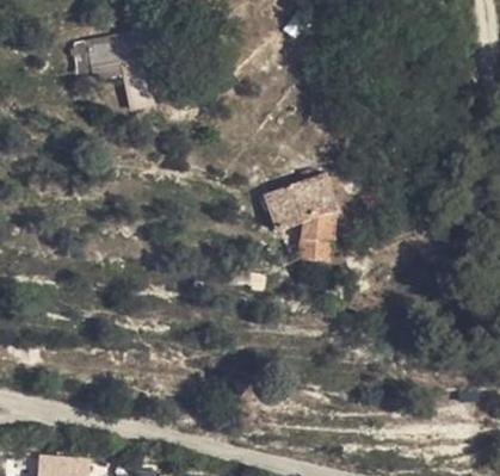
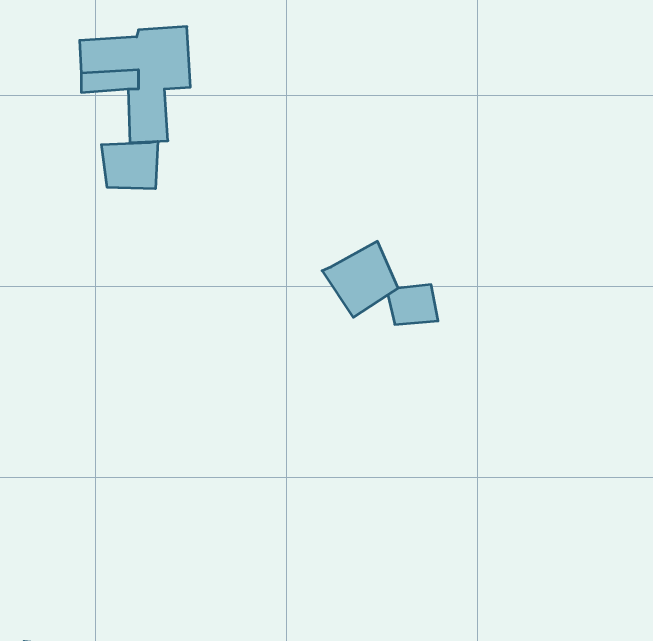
building: none -> [101,141,158,189]
building: [291,179,333,217] -> none

